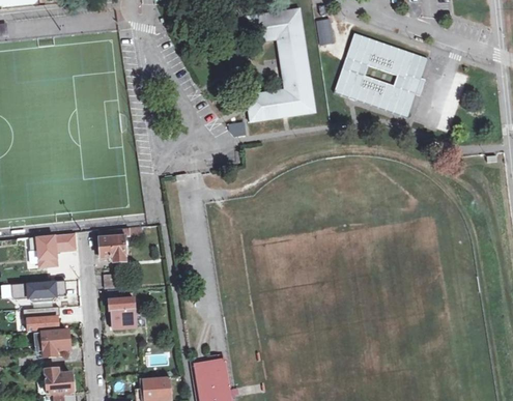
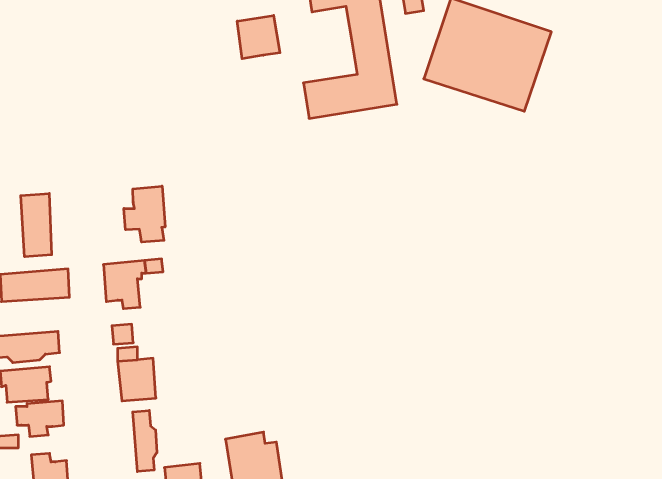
building: none -> [237,15,280,59]
building: none -> [124,186,165,242]
building: none -> [21,193,52,257]
building: none -> [133,410,157,472]

